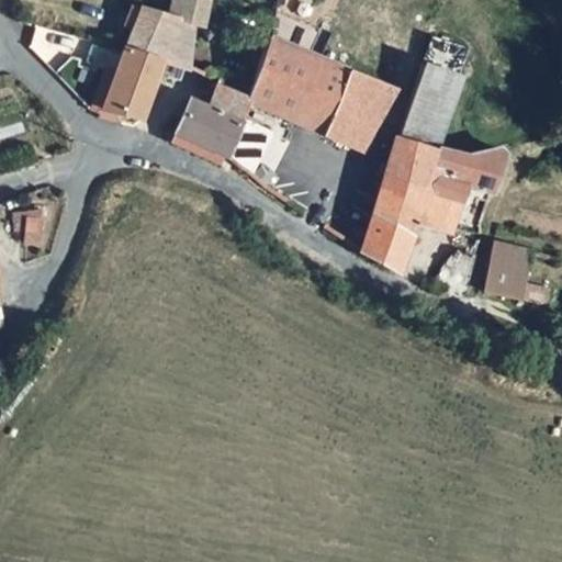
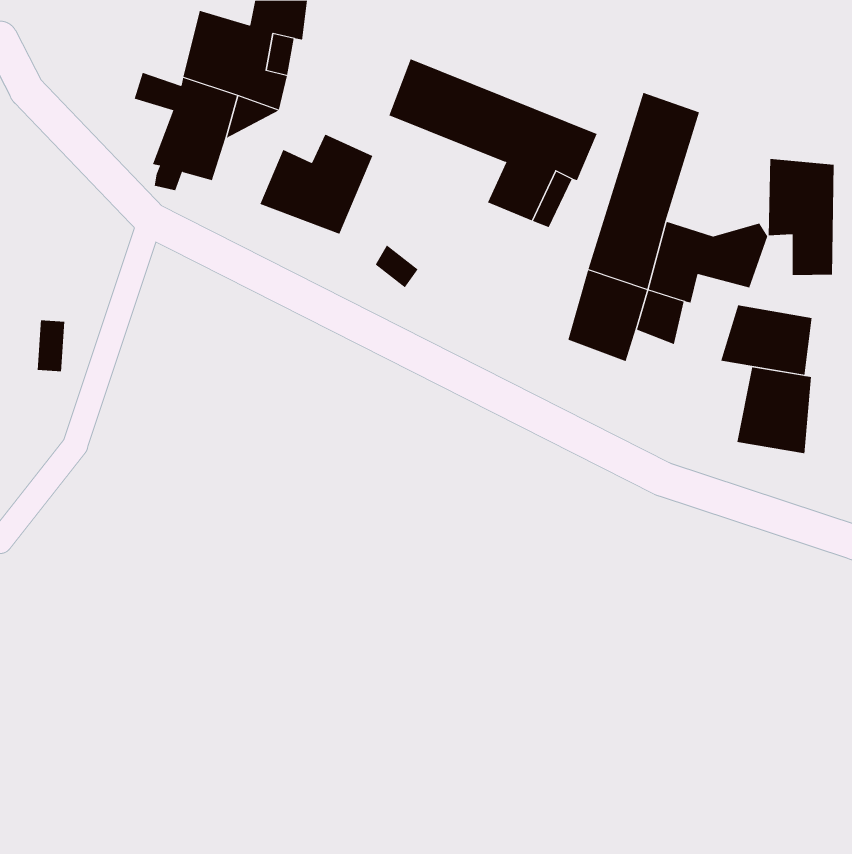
building: [247,77,334,134] -> none
building: none -> [768,158,834,276]
building: none -> [720,305,812,376]
building: [366,224,413,270] -> none

